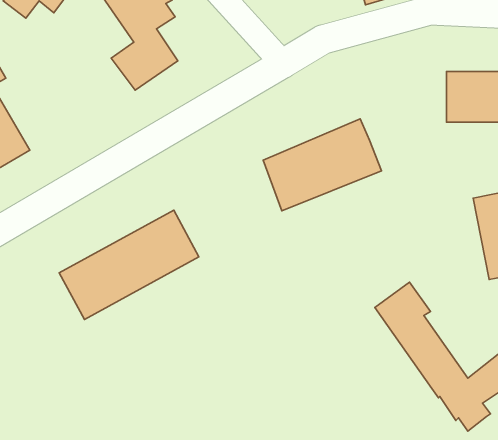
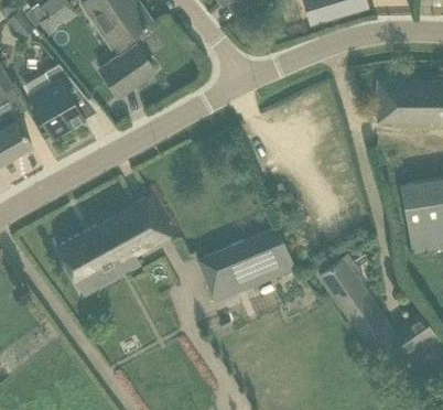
building: none -> [28,66,84,139]
building: [263,119,382,211] -> [197,226,295,302]

